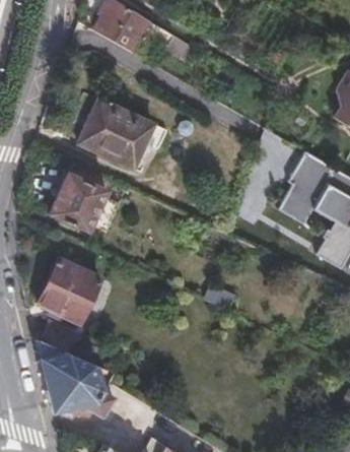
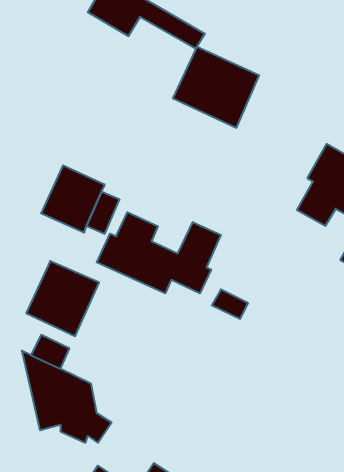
building: [79,96,156,169] -> [173,47,259,128]
building: none -> [97,212,221,293]

